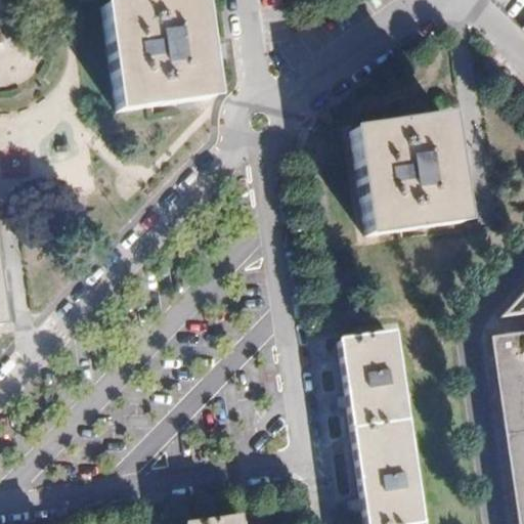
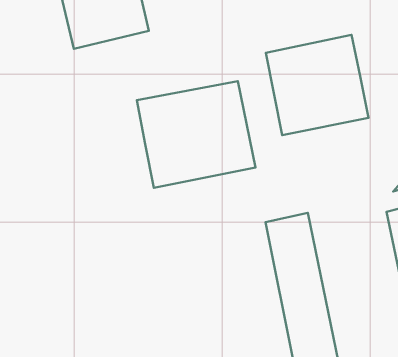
building: none -> [137,81,255,188]

